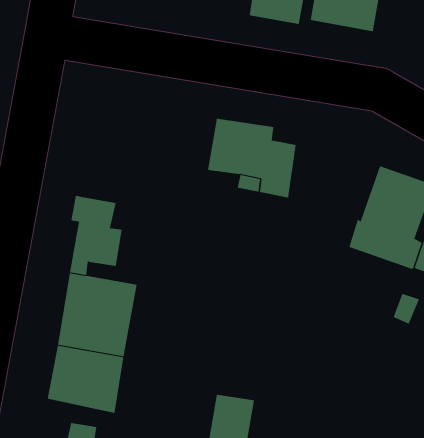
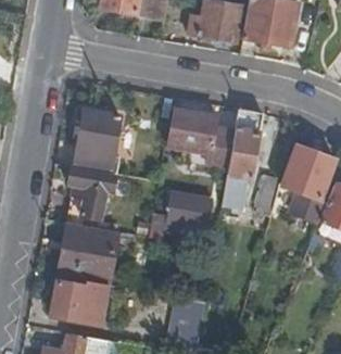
building: none -> [222,108,263,207]
building: none -> [77,110,121,174]
building: none -> [166,195,210,236]

